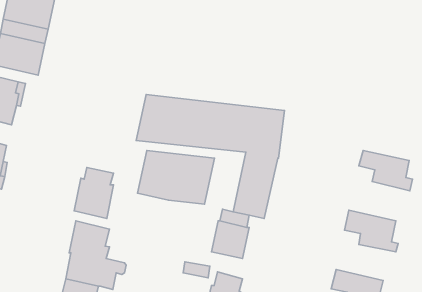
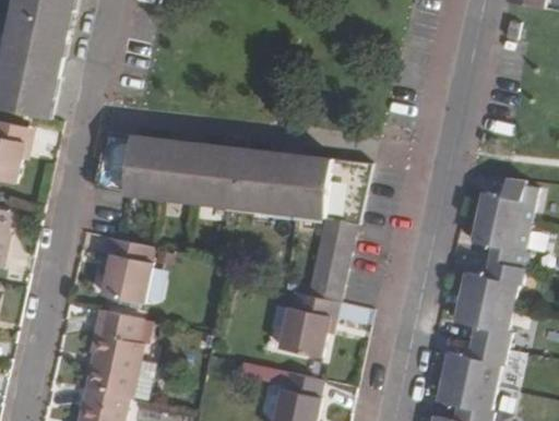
building: none -> [474,178,543,229]
building: [138,151,215,204] -> [91,133,191,203]
building: none -> [455,256,535,308]
building: none -> [439,338,516,385]

